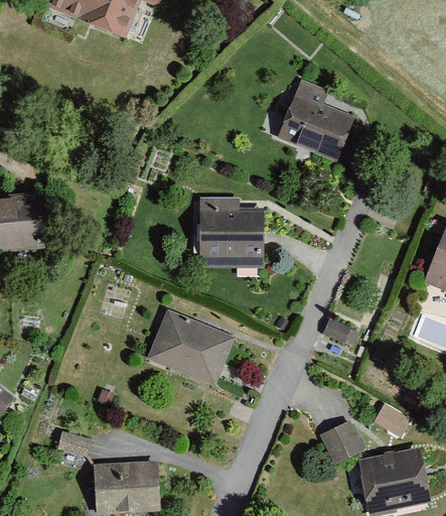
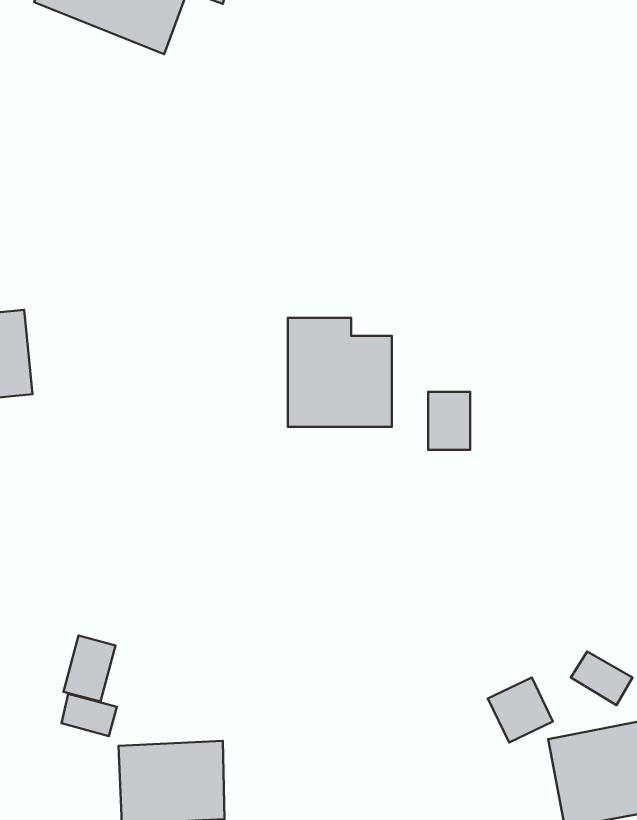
building: [280,82,354,160] -> none
building: none -> [428,392,470,450]
building: [145,307,237,388] -> none
building: none -> [63,636,115,702]

